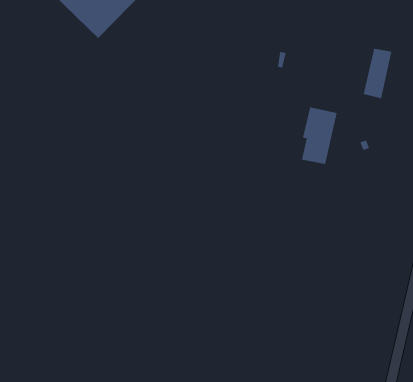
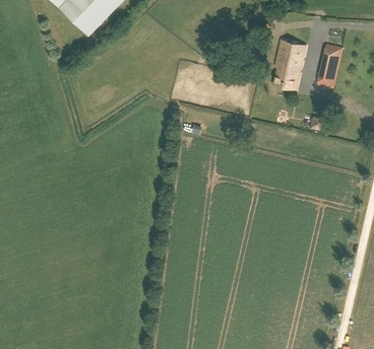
building: [301,107,338,165] -> [273,40,305,89]

